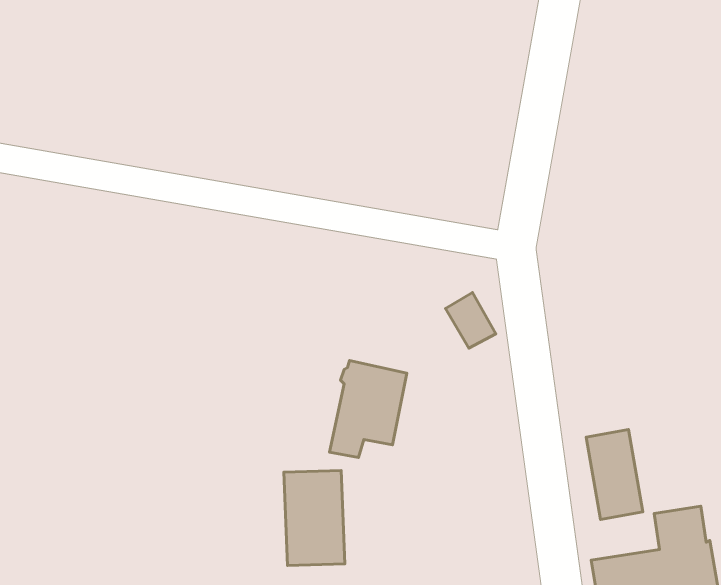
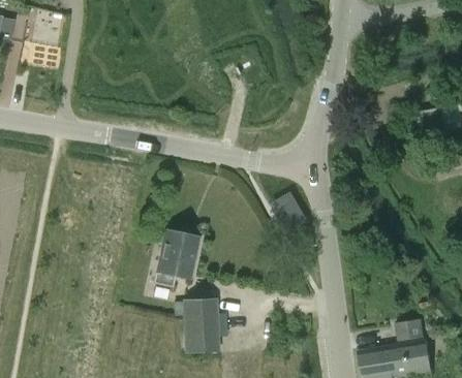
building: [330,360,407,457] -> [154,230,198,286]
building: [586,430,643,519] -> none

